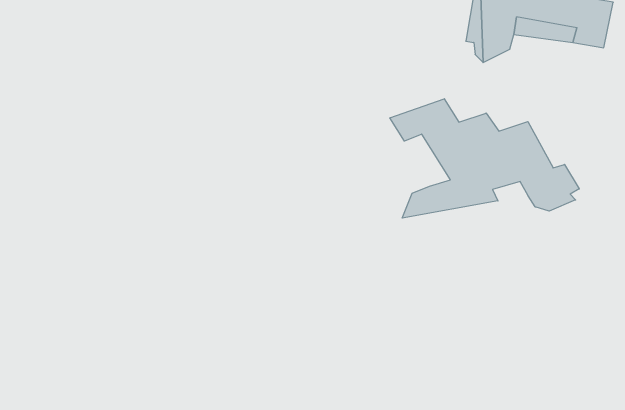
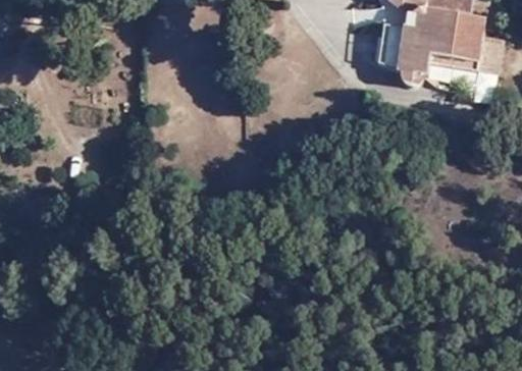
building: [390,99,579,218] -> none

